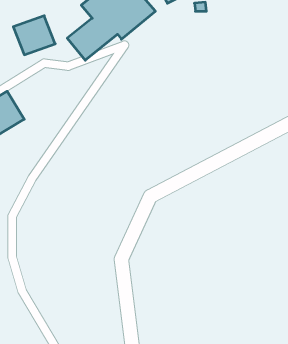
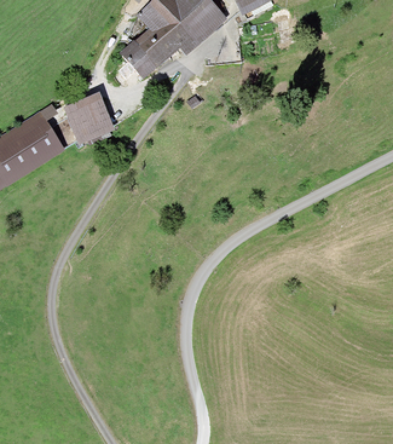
building: [13,16,55,55] -> [63,97,114,144]

